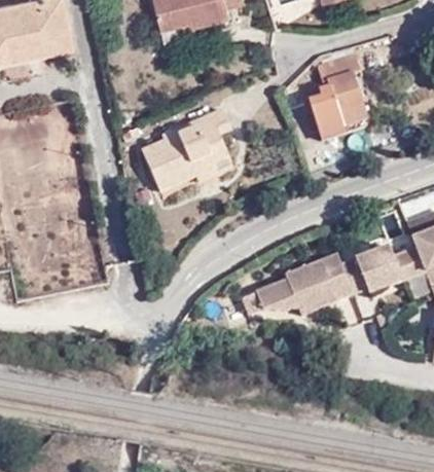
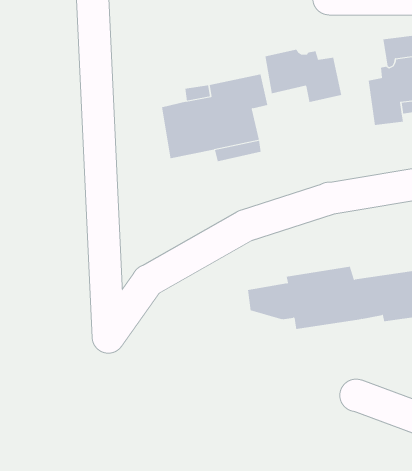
building: none -> [265,49,342,103]

